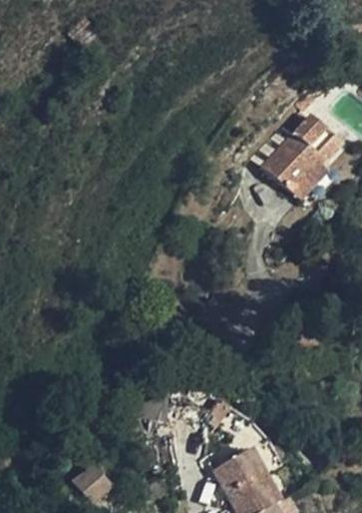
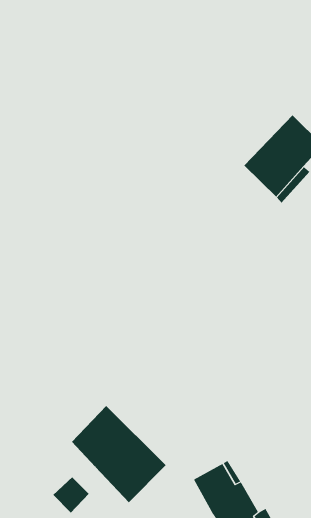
building: none -> [71,405,167,503]

